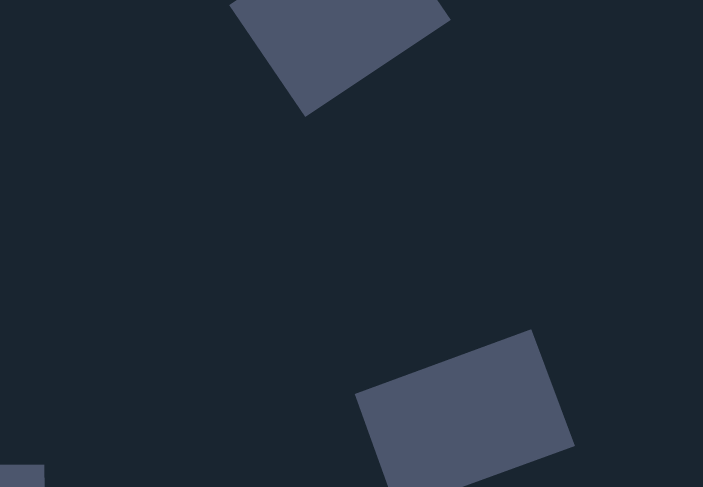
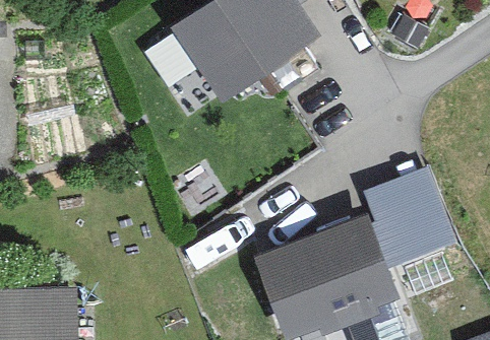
building: none -> [361,155,455,260]

